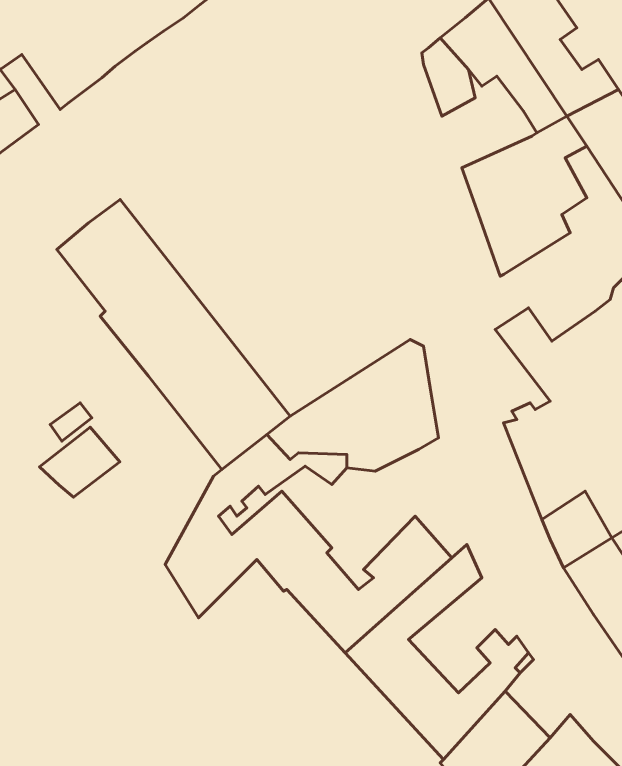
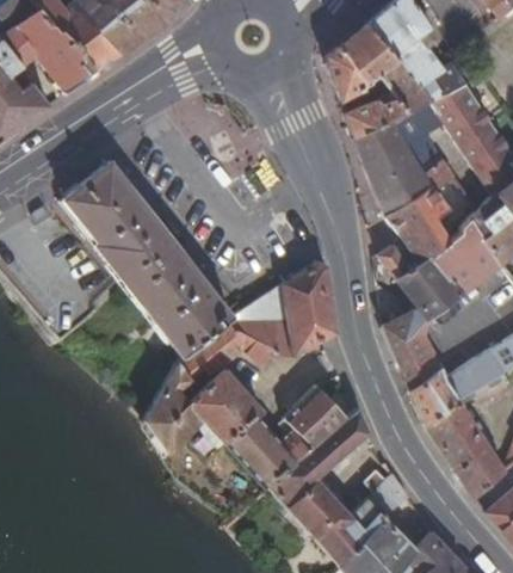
building: none -> [344,97,407,137]
building: none -> [383,159,453,261]
building: [40,427,120,497] -> none

